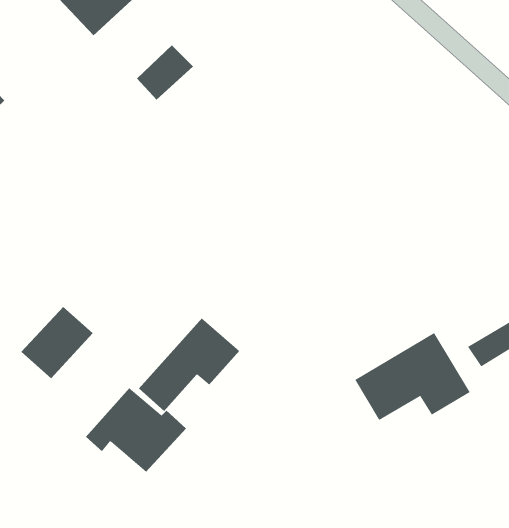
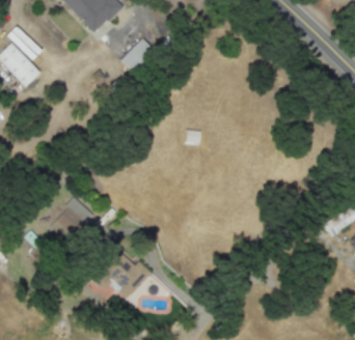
building: [138,317,240,412] -> none
building: [355,332,471,421] -> none

